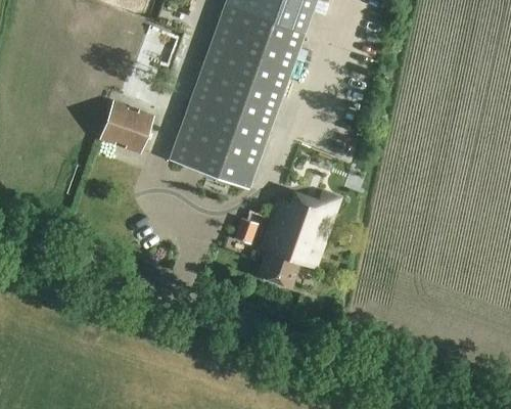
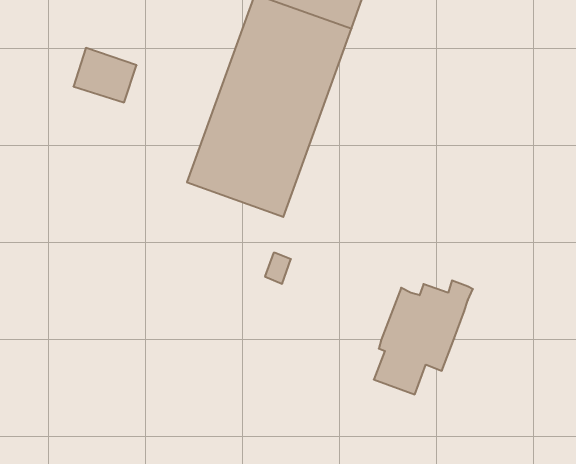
building: [101,103,153,148] -> [73,48,137,102]
building: [259,192,340,286] -> [374,280,473,394]

